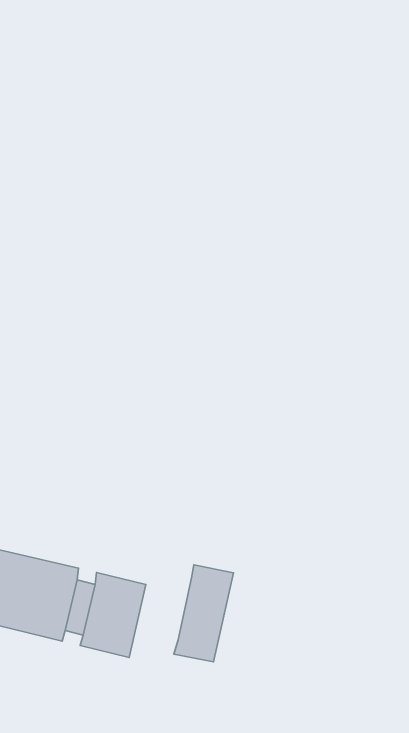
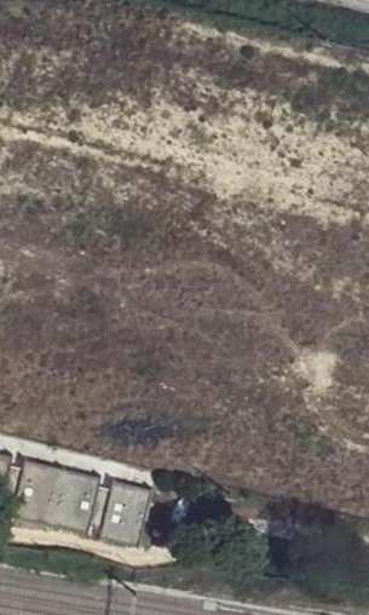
building: [174,565,234,662] -> none

